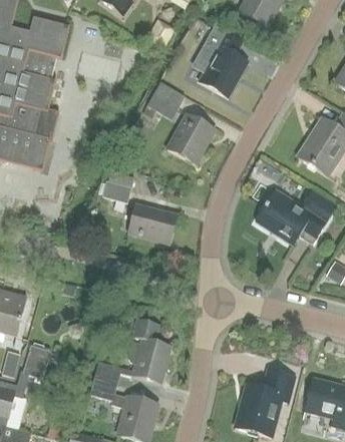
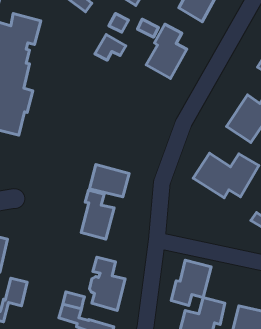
building: [146,81,185,113] -> [95,34,126,60]
building: [166,113,215,163] -> none
building: [102,172,133,201] -> none
building: none -> [81,190,114,239]
building: none -> [171,260,211,306]

